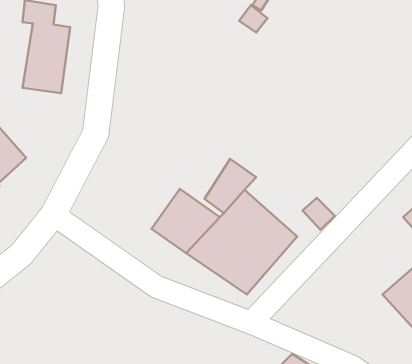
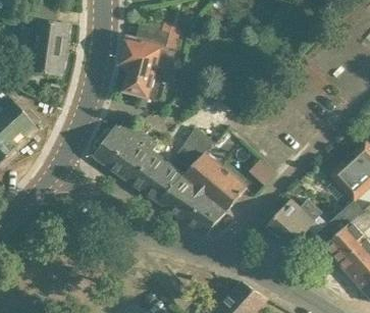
building: none -> [121,28,171,100]
building: none -> [95,117,155,184]
building: none -> [267,200,316,249]

